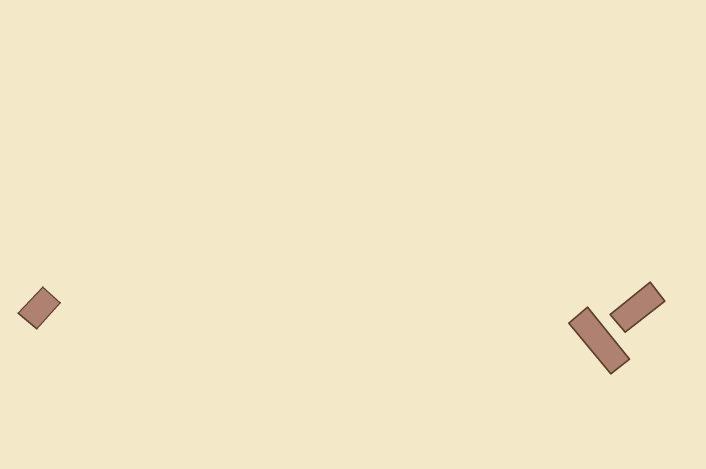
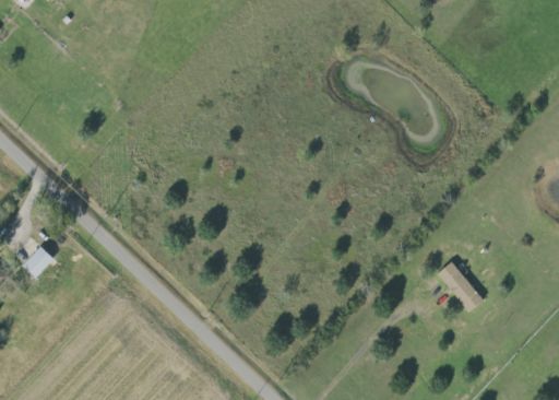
building: [610,282,665,332] -> none

